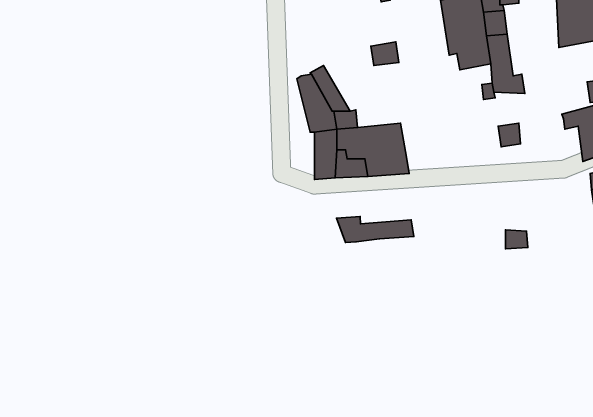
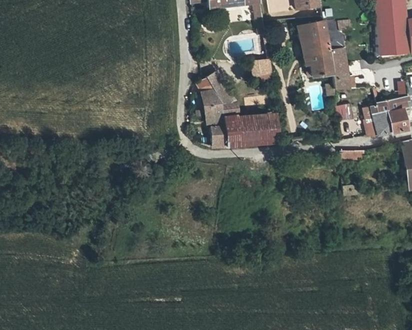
building: none -> [370,107,394,138]
building: [337,216,414,243] -> none

